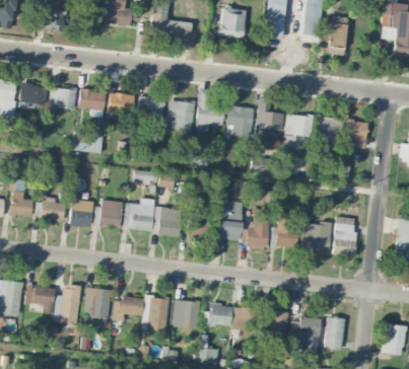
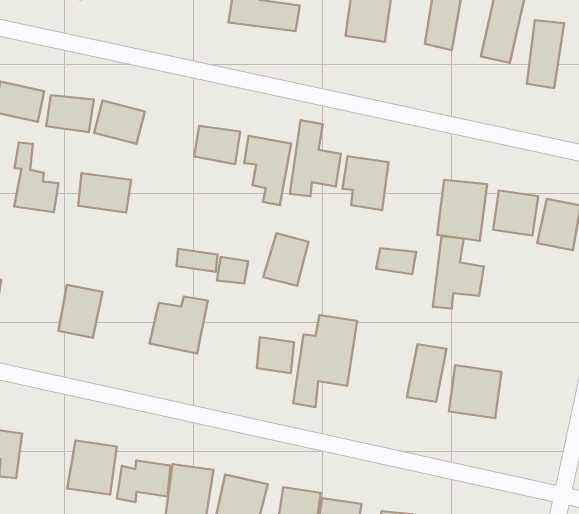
building: [108,92,133,120] -> none
building: [256,97,283,139] -> [433,236,484,309]
building: [38,181,64,220] -> [14,143,58,212]
building: [99,200,121,226] -> none
building: [156,207,181,236] -> [263,233,309,286]
building: [333,217,355,256] -> none
building: [242,219,269,250] -> none
building: [53,284,81,323] -> none

